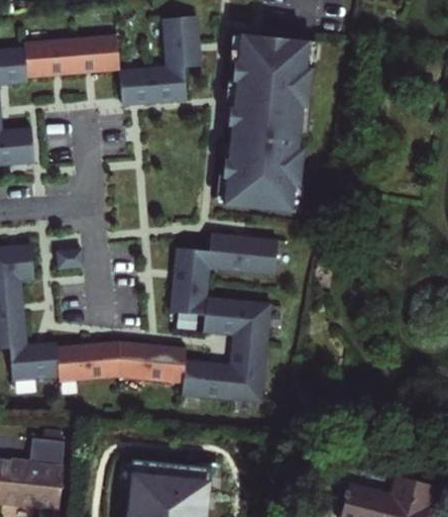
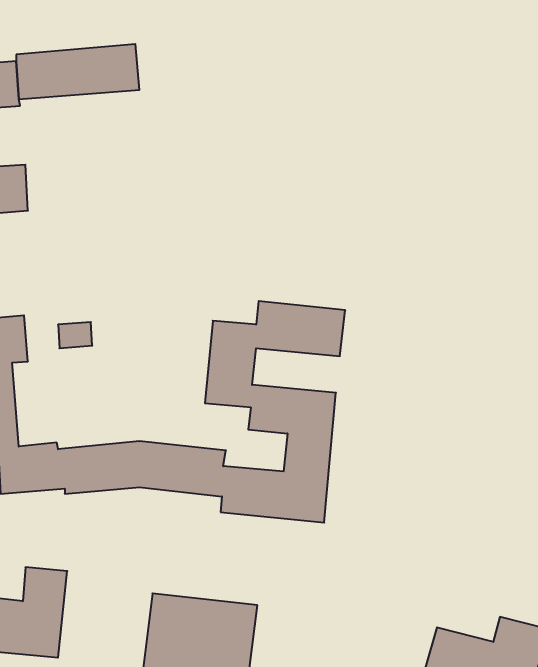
building: [120,17,202,105] -> none
building: [224,35,312,212] -> none

